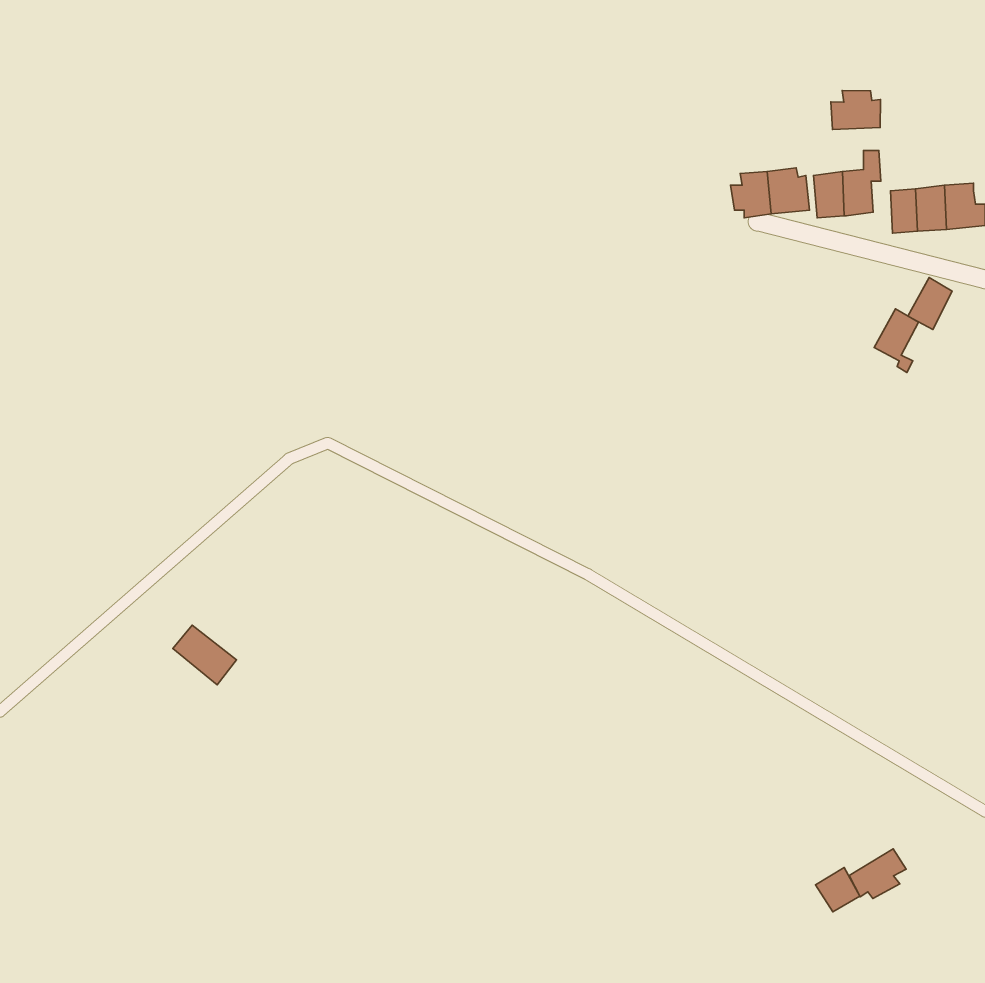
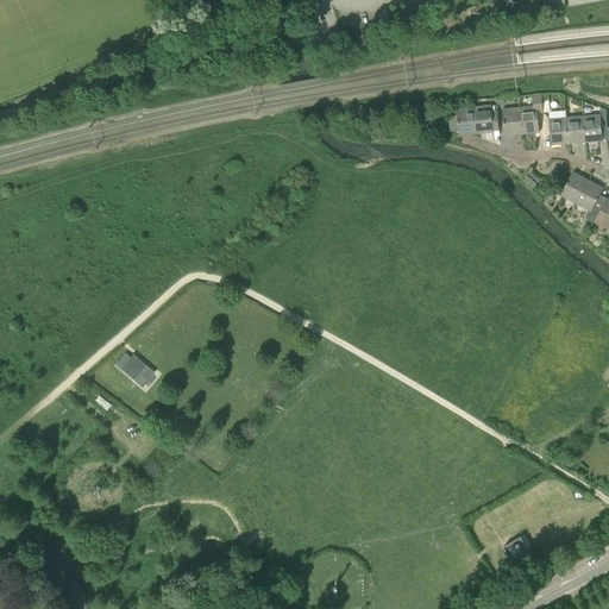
building: [831,91,880,129] -> none
building: [874,309,919,372] -> [576,180,603,219]
building: [173,625,236,685] -> [115,350,155,387]
building: [849,849,906,898] -> none

